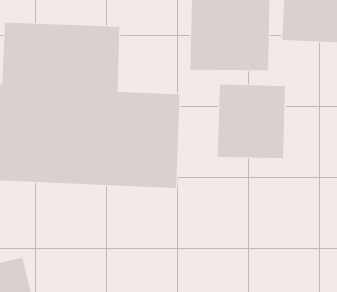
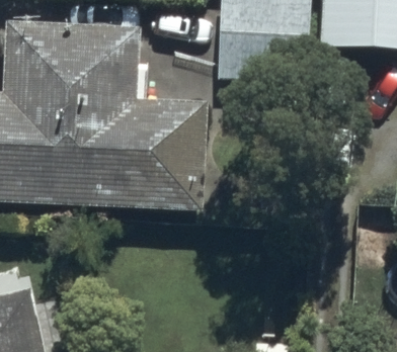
building: [217,84,286,159] -> none

